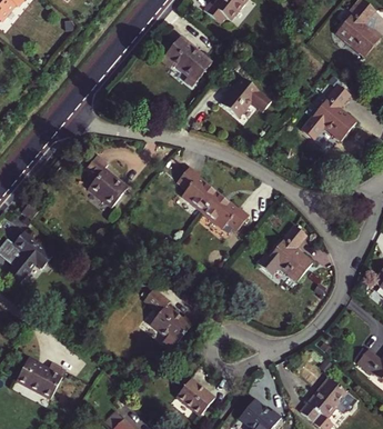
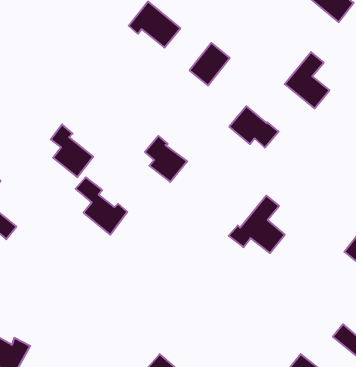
building: [201,191,249,231] -> [229,106,279,148]
building: [142,289,192,345] -> [76,177,127,235]

